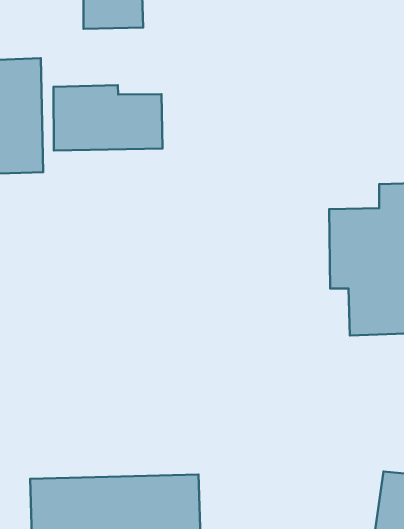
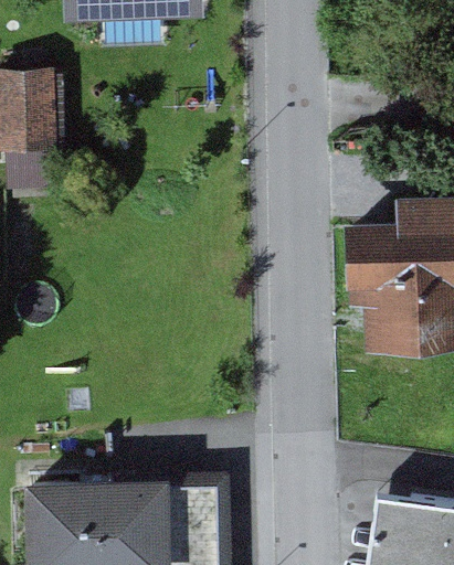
building: [54,85,162,151] -> none

